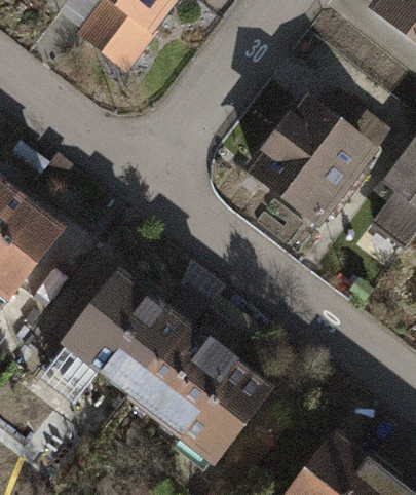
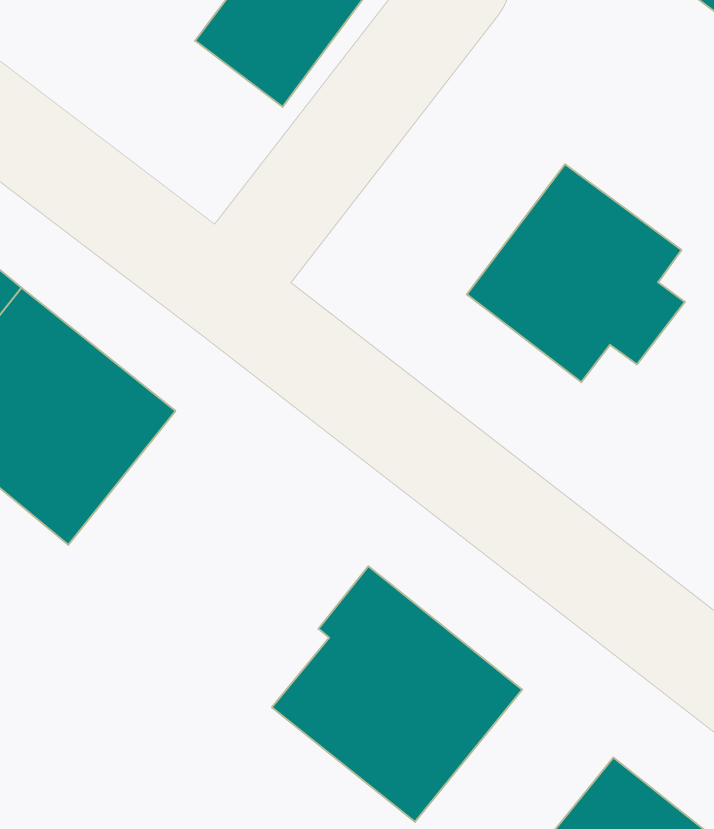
building: [73,269,216,416] -> none

